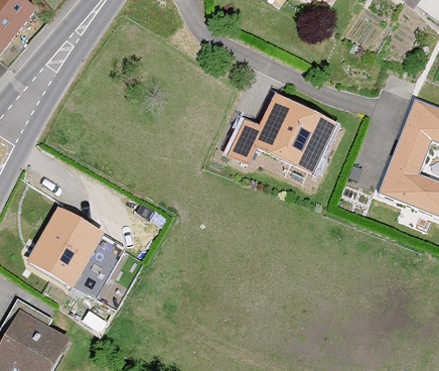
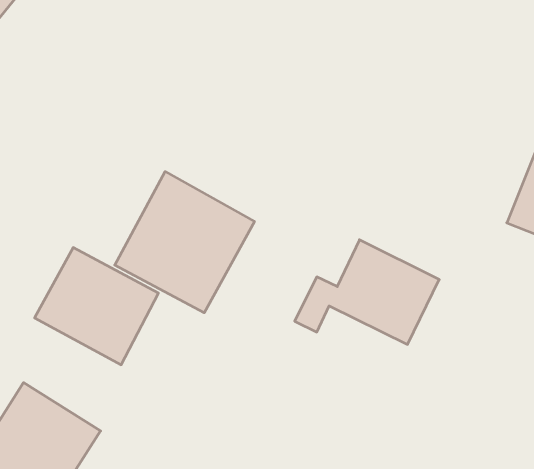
building: [227,94,332,170] -> [295,240,439,344]
building: none -> [115,172,254,313]

